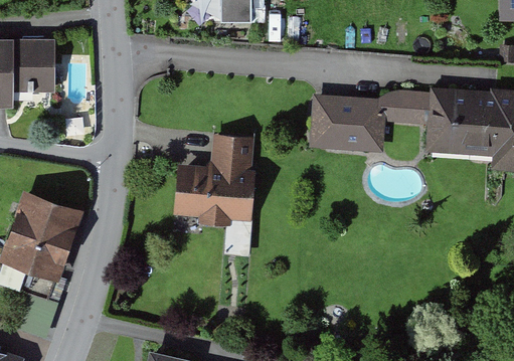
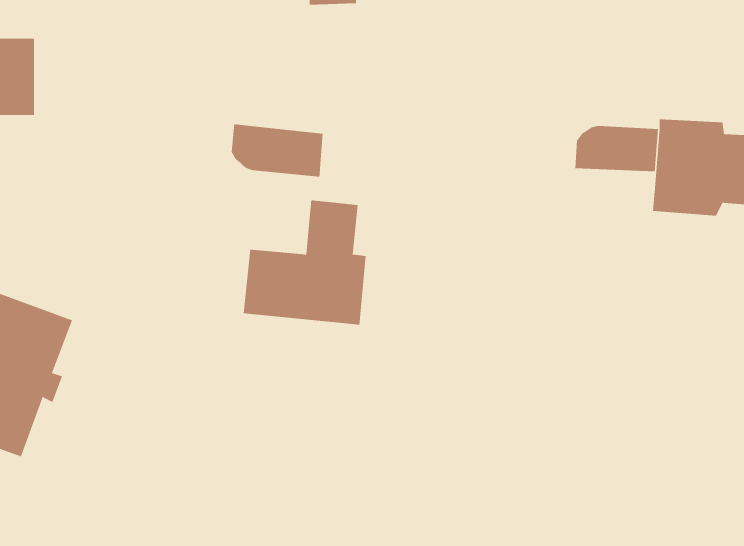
building: none -> [231,123,323,178]
building: [318,98,383,146] -> none

